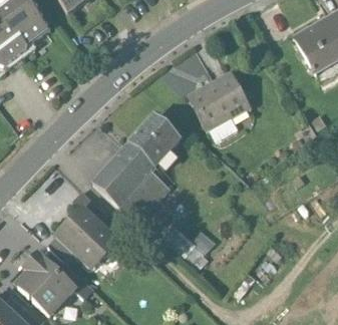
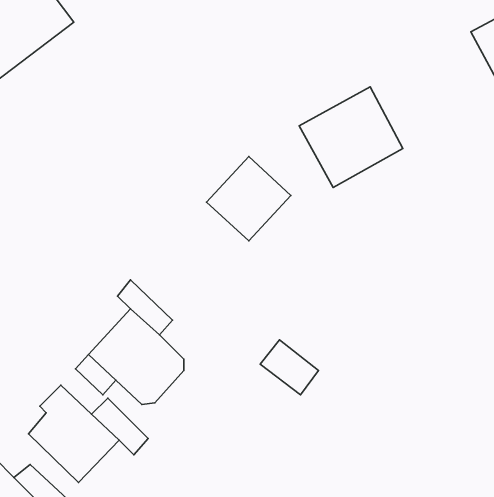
building: [92,139,170,220] -> none

